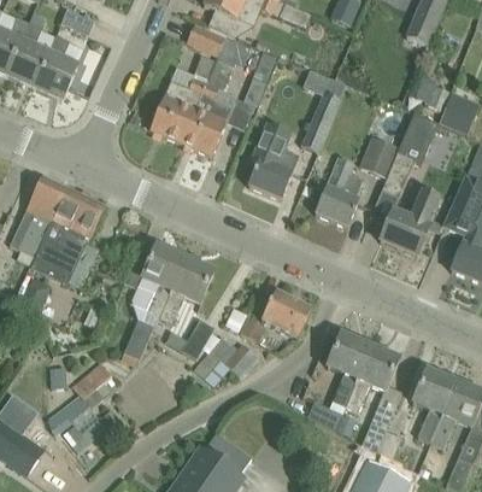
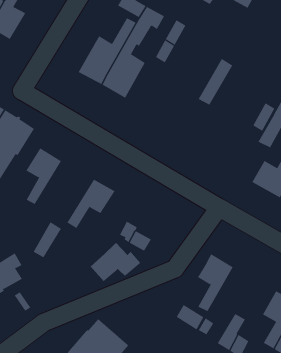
building: [248,118,294,198] -> none
building: [316,156,364,226] -> none
building: [142,245,186,316] -> [25,148,62,205]
building: [263,289,312,335] -> none
building: [166,317,214,357] -> none
building: [346,346,400,410] -> none

